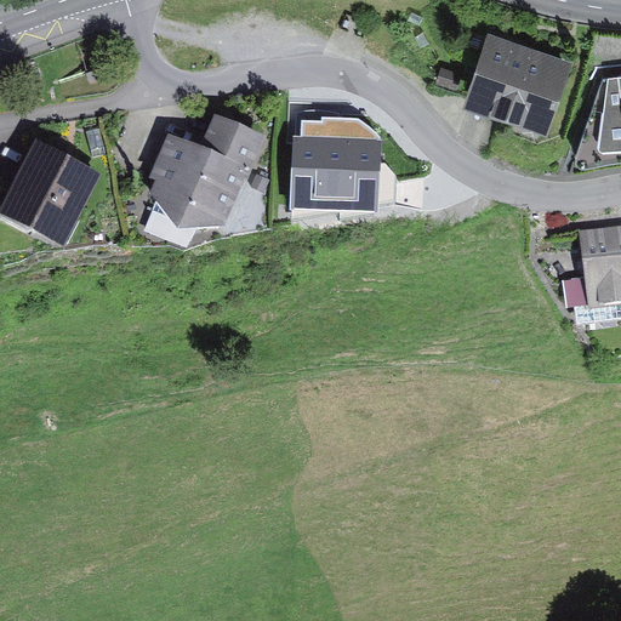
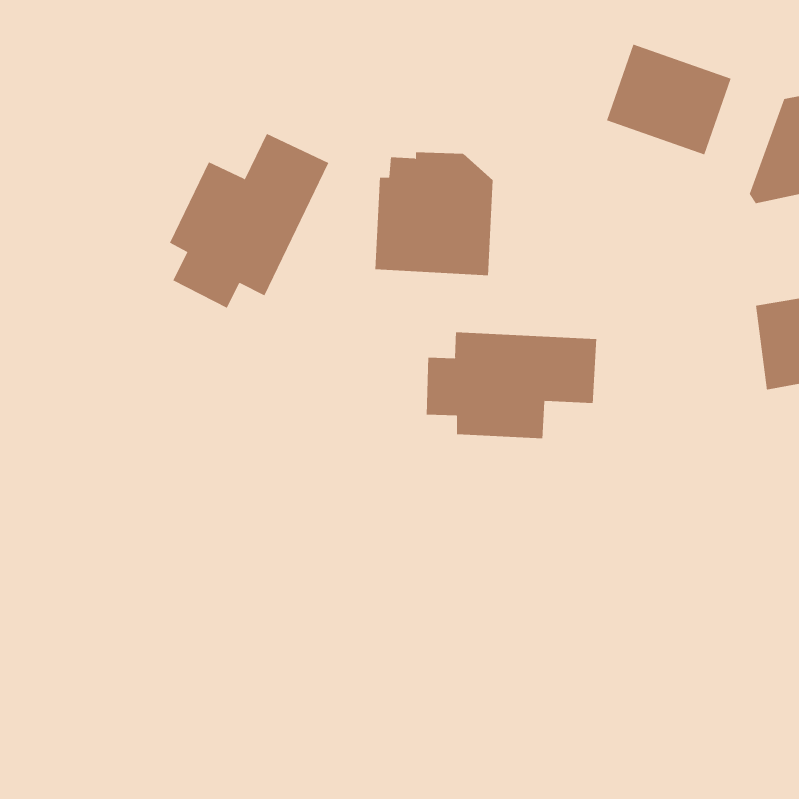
building: [8,150,96,241] -> none
building: none -> [426,331,597,439]

